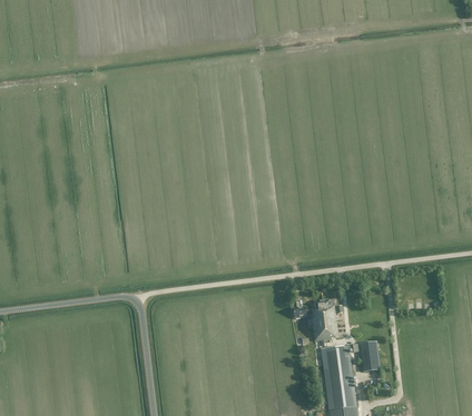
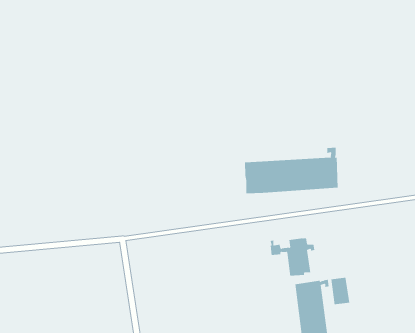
building: none -> [245,147,338,194]

